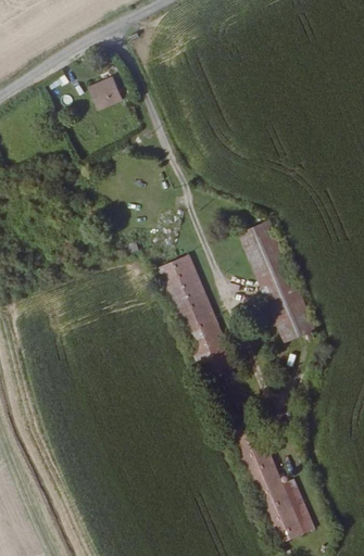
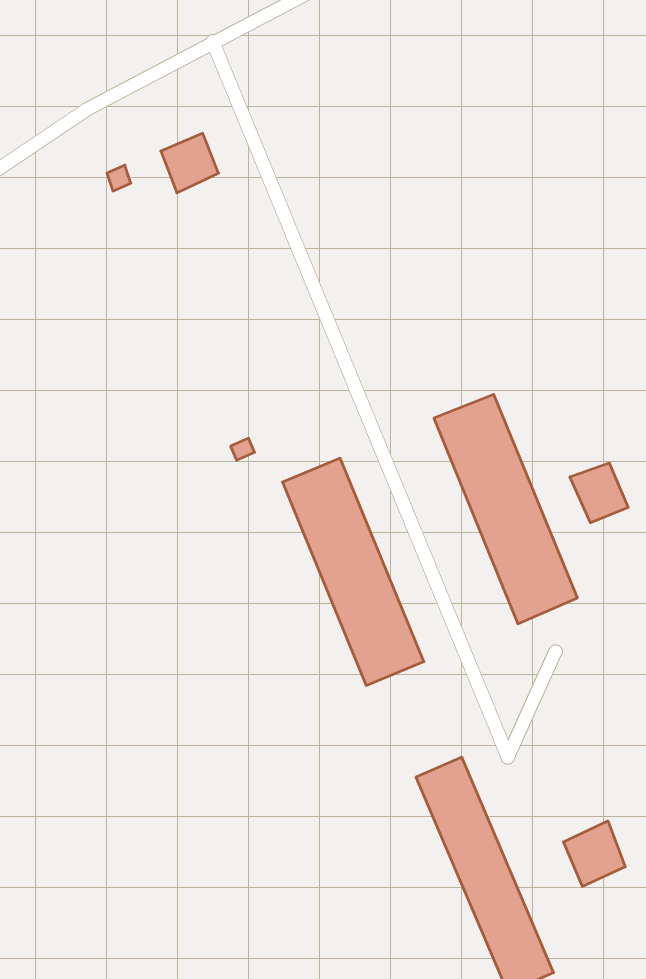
building: none -> [570,463,628,523]
building: none -> [563,821,625,886]

